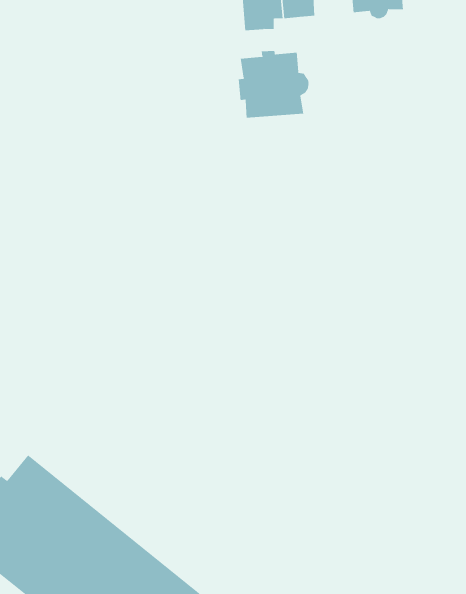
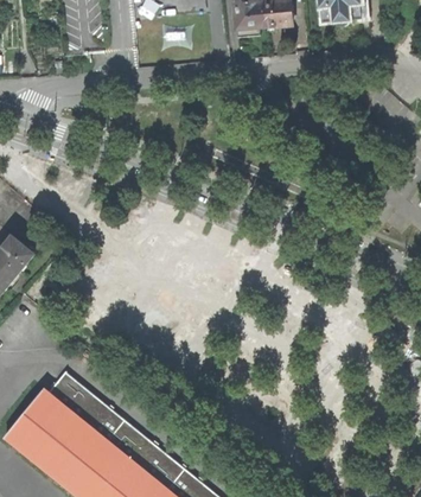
building: [238,50,309,118] -> none

